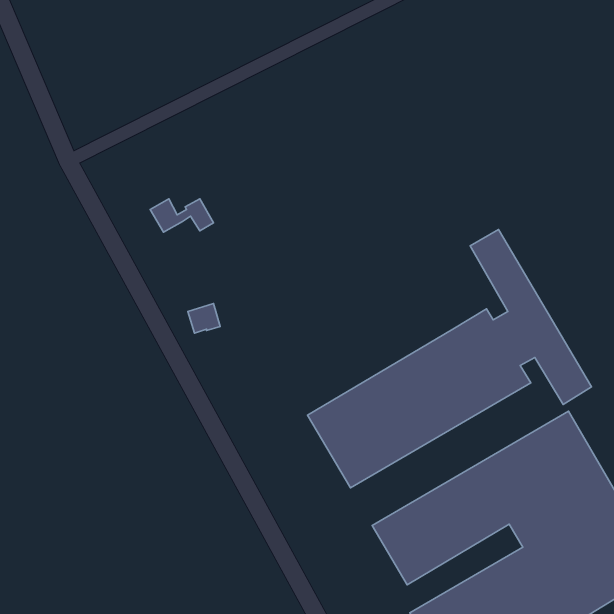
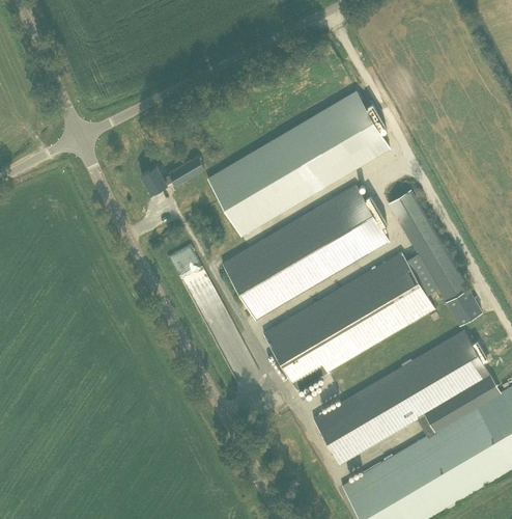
building: none -> [207,90,390,236]
building: none -> [222,184,390,320]

